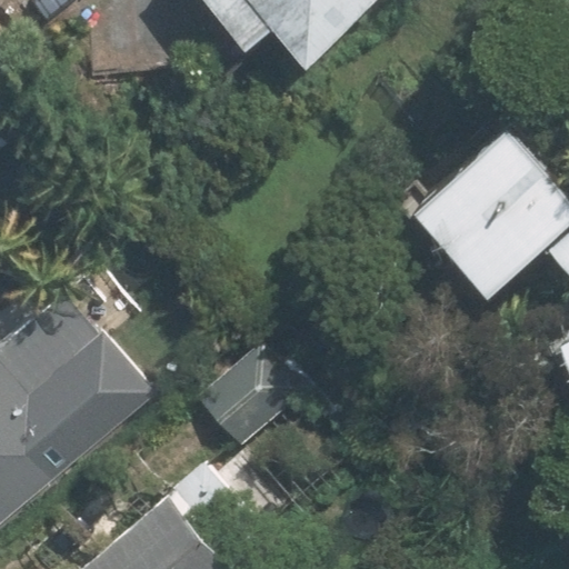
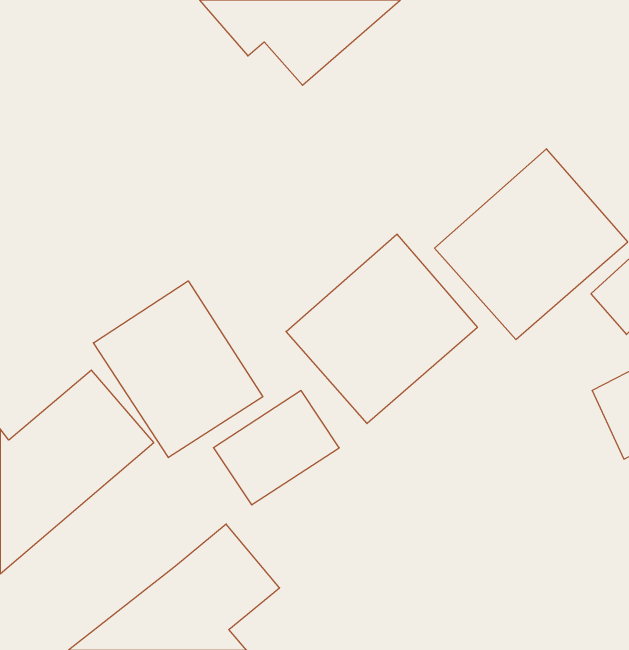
building: none -> [286,234,477,424]
building: none -> [93,281,263,458]

